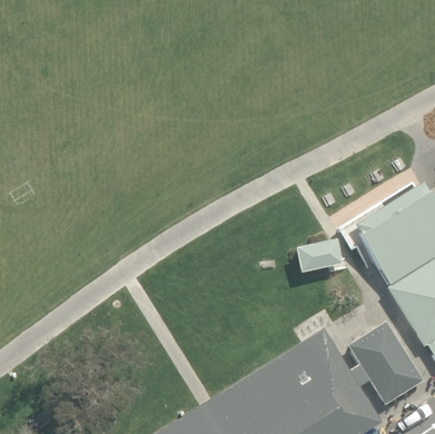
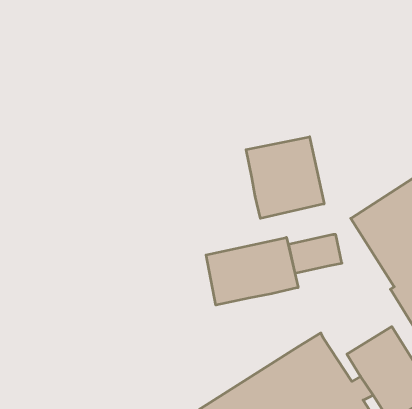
building: none -> [246,137,324,218]
building: none -> [206,237,298,305]

